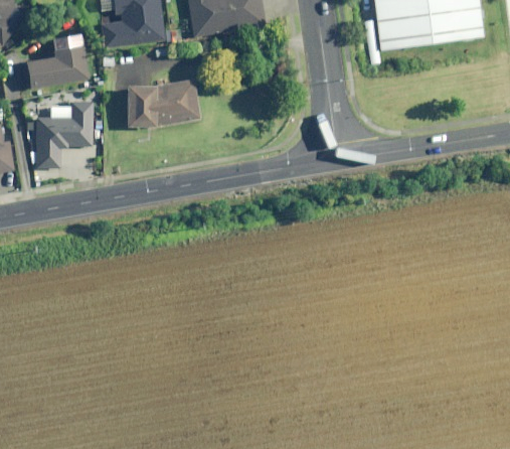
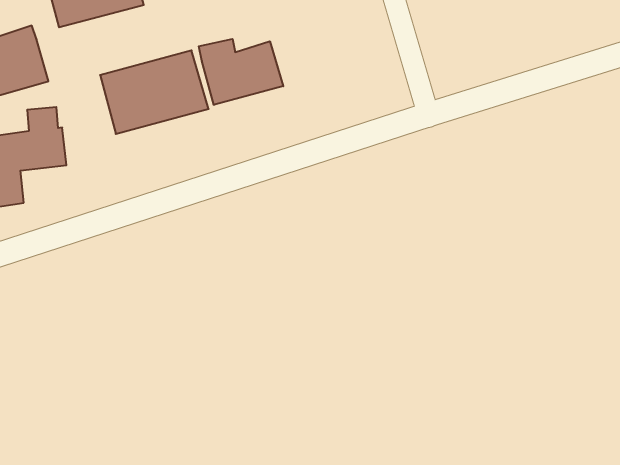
building: none -> [199,39,283,105]

